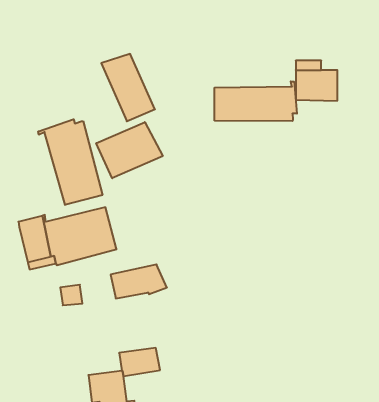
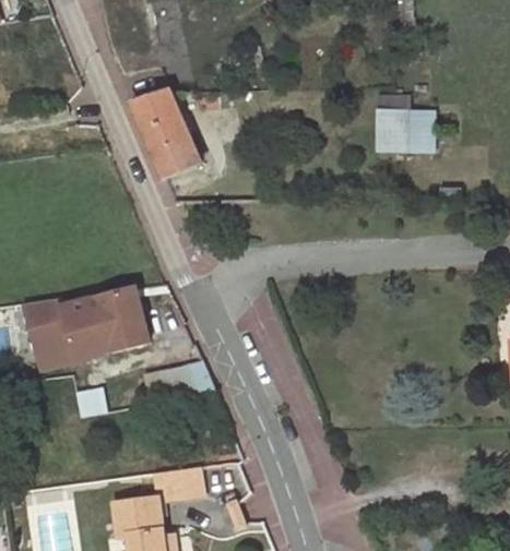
building: [215,81,297,121] -> none
building: [38,119,102,205] -> none
building: [96,122,163,178] -> none

